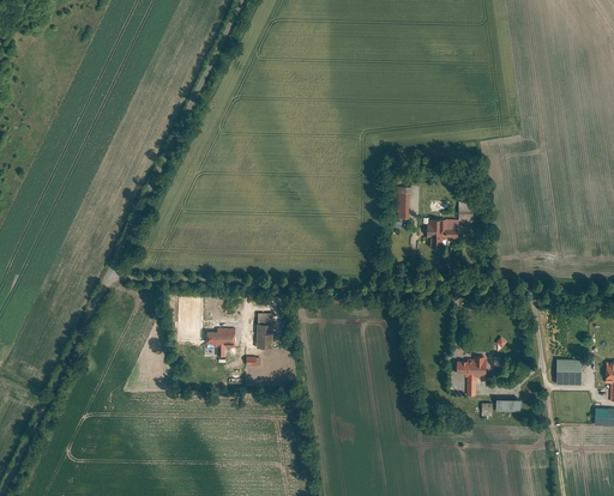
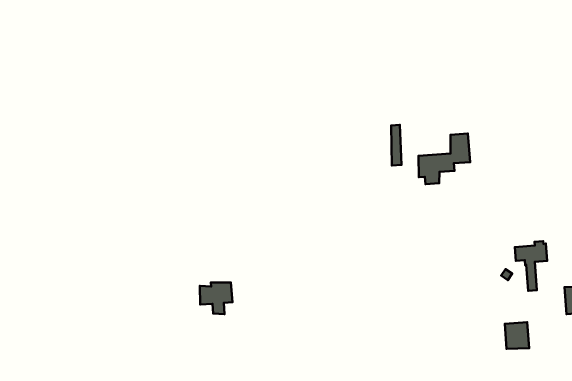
building: [257,311,275,347] -> none
building: [460,358,490,405] -> [515,241,547,291]

